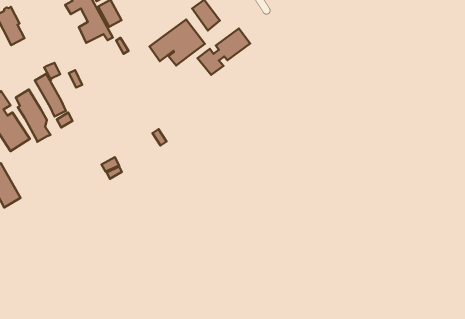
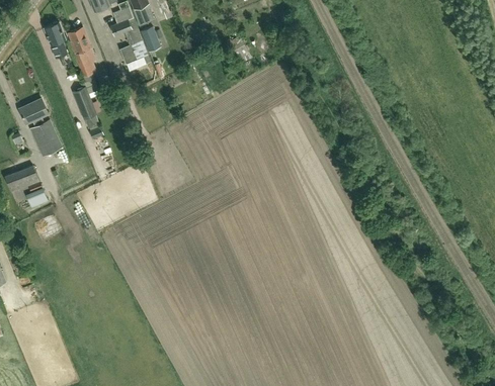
building: [150,19,205,65] -> none
building: [198,29,250,75] -> none
building: [16,89,51,142] -> [69,27,97,77]

